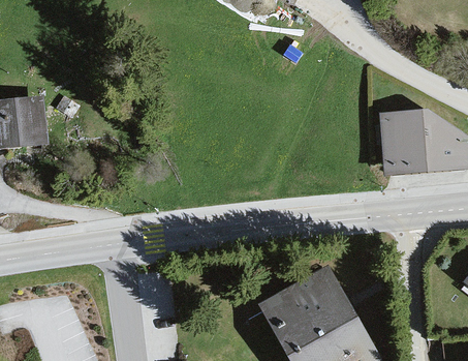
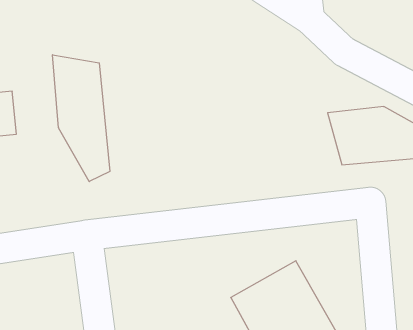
building: none -> [53,55,110,182]

